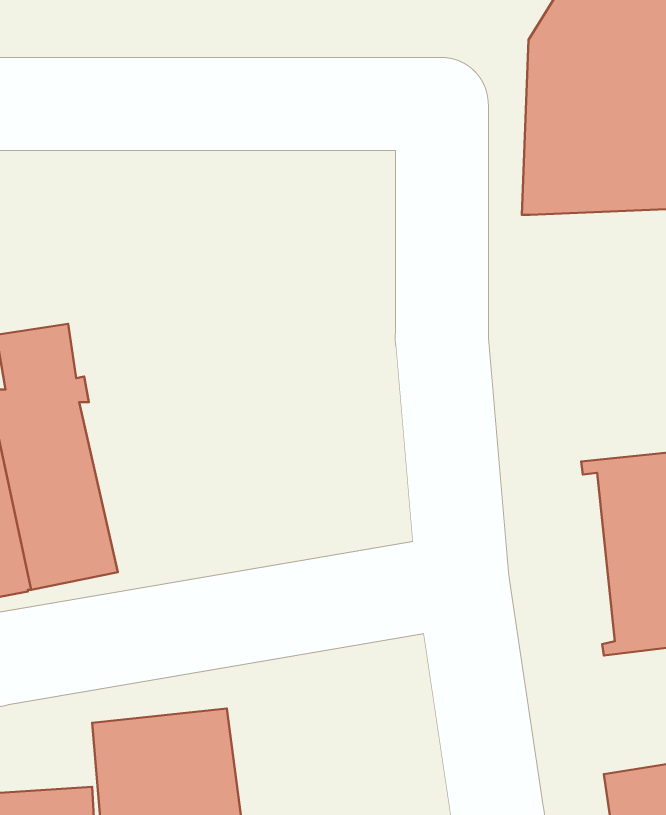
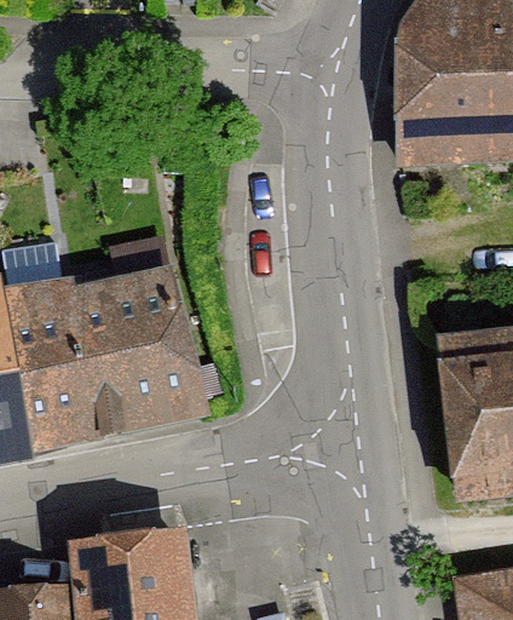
building: none -> [64,277,202,434]

